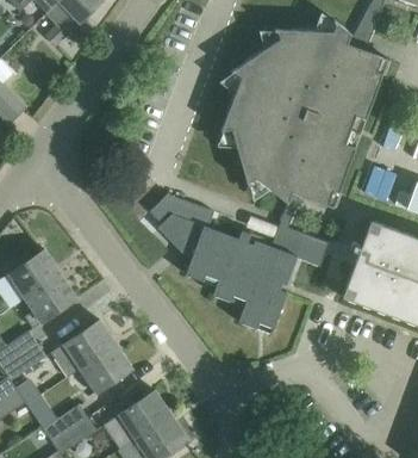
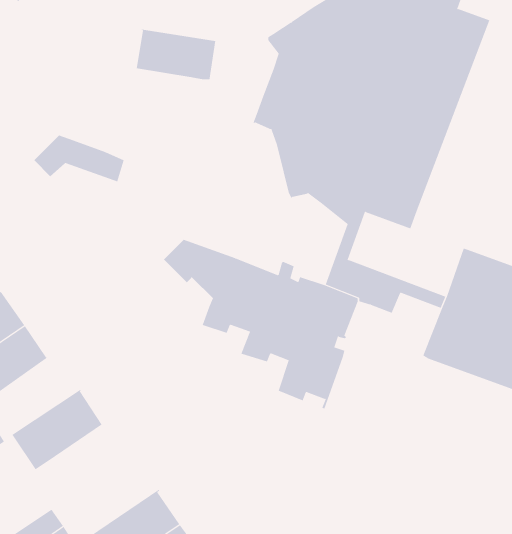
building: none -> [136,28,216,80]
building: [149,194,213,228] -> [33,135,124,182]
building: [81,346,132,395] -> none

